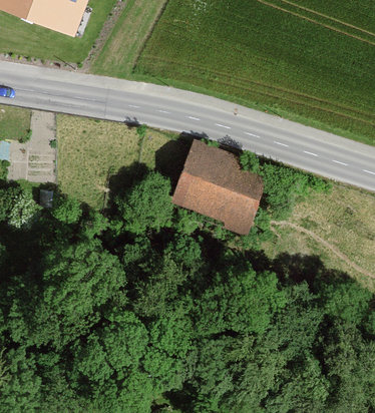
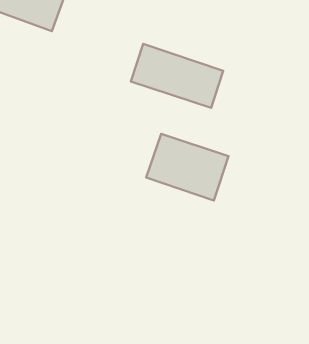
building: none -> [131,44,223,108]

